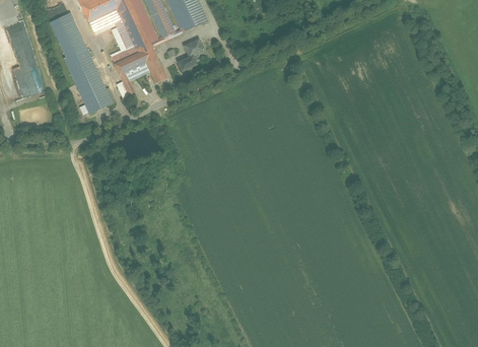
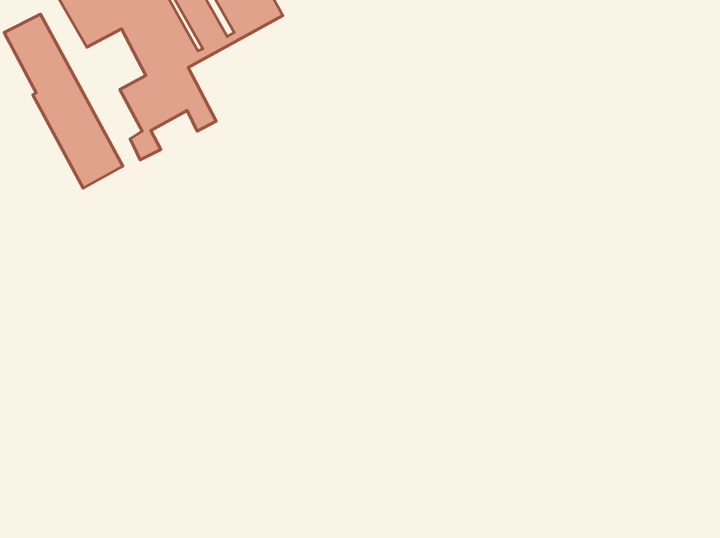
building: [176,39,205,74] -> none

